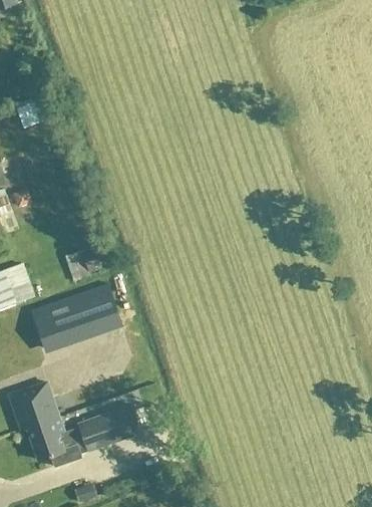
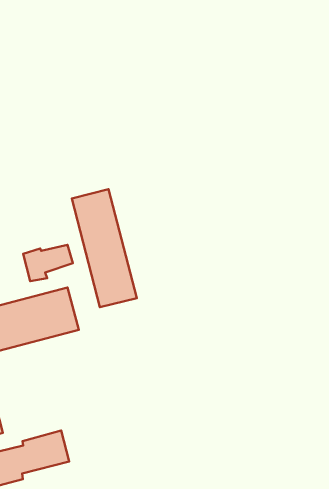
building: none -> [72,189,137,307]

